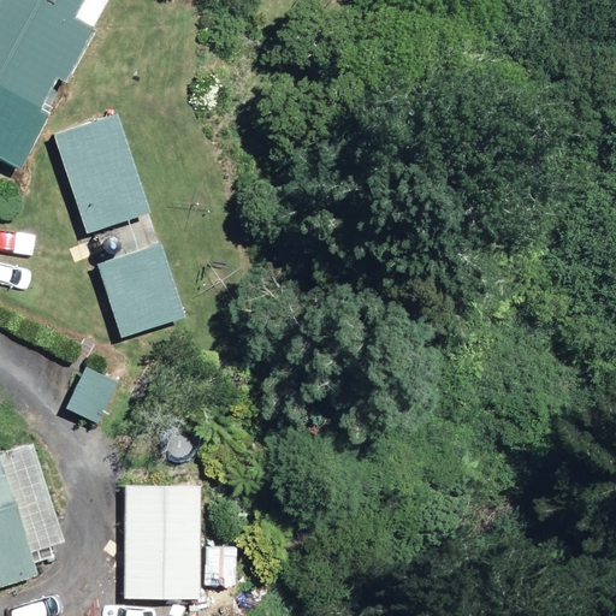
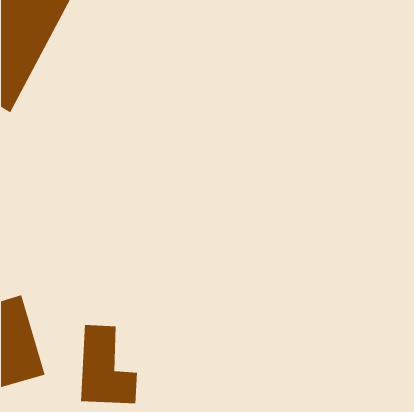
building: [53,113,150,237] -> none
building: [96,244,184,337] -> none

